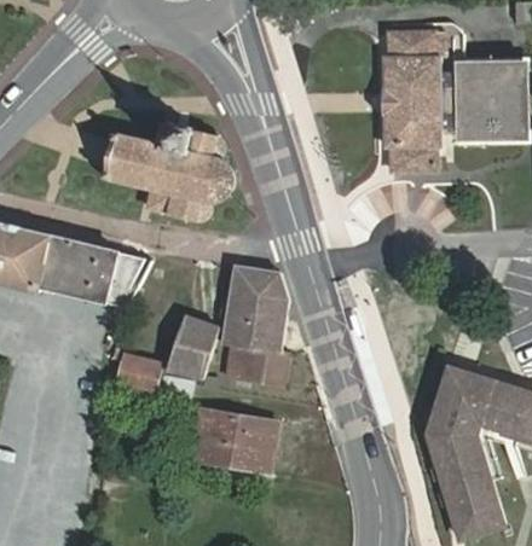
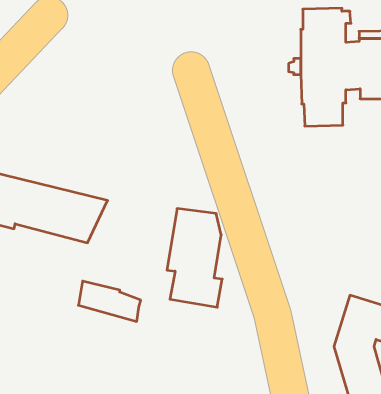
building: [103,124,233,223] -> none
building: [167,315,218,383] -> none
building: [179,410,278,472] -> none

